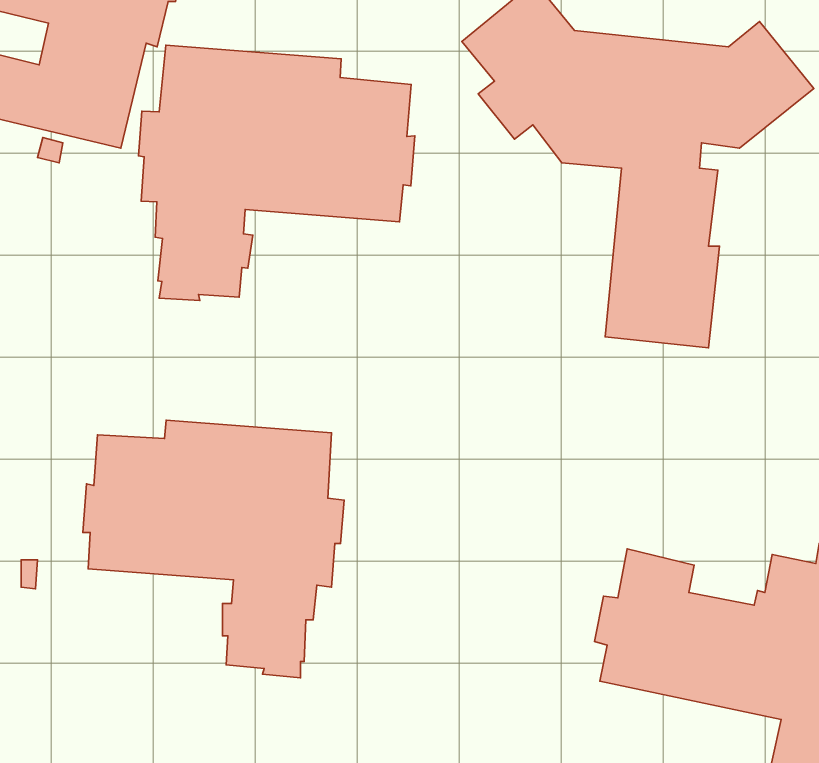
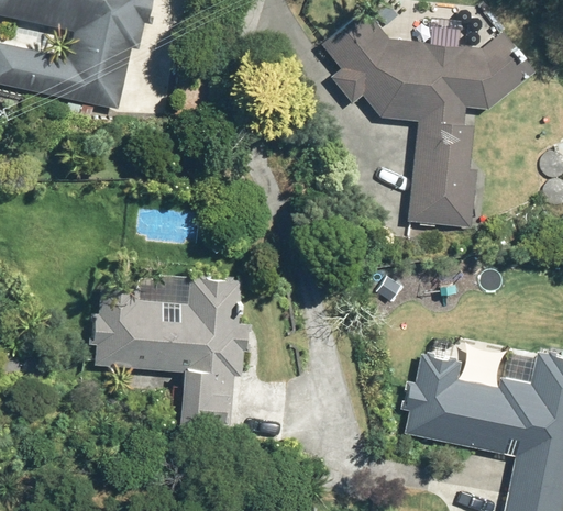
building: [139,45,415,300] -> none

